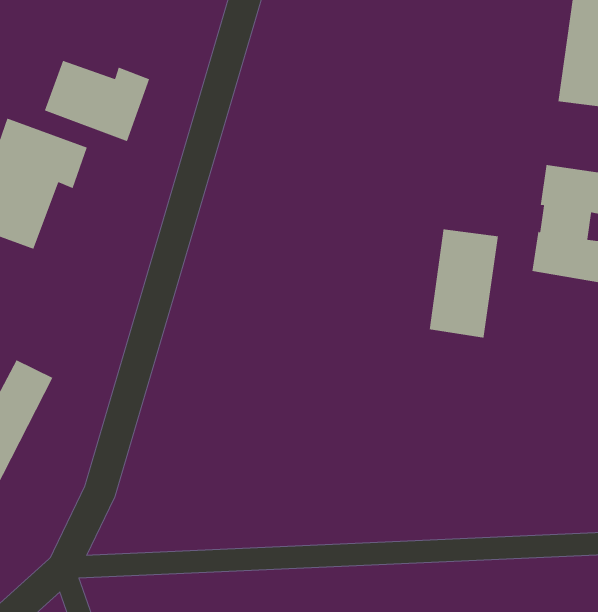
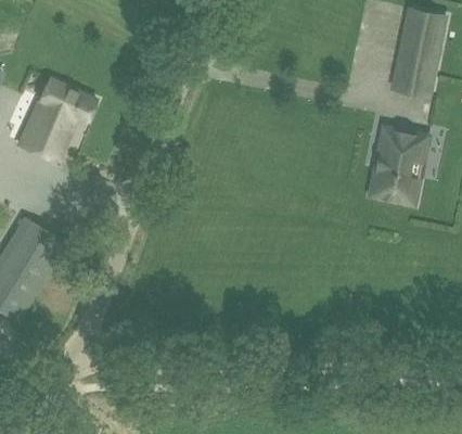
building: [44,60,150,142] -> none
building: [429,229,499,338] -> none

